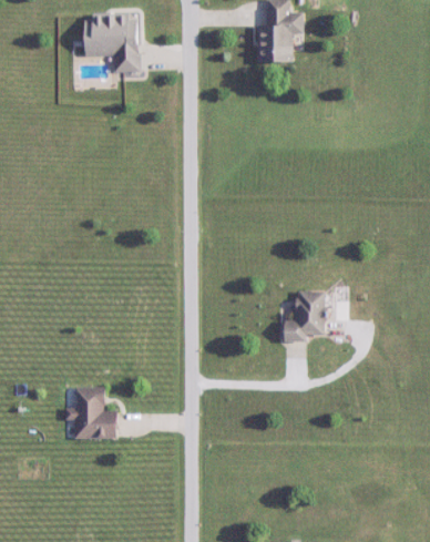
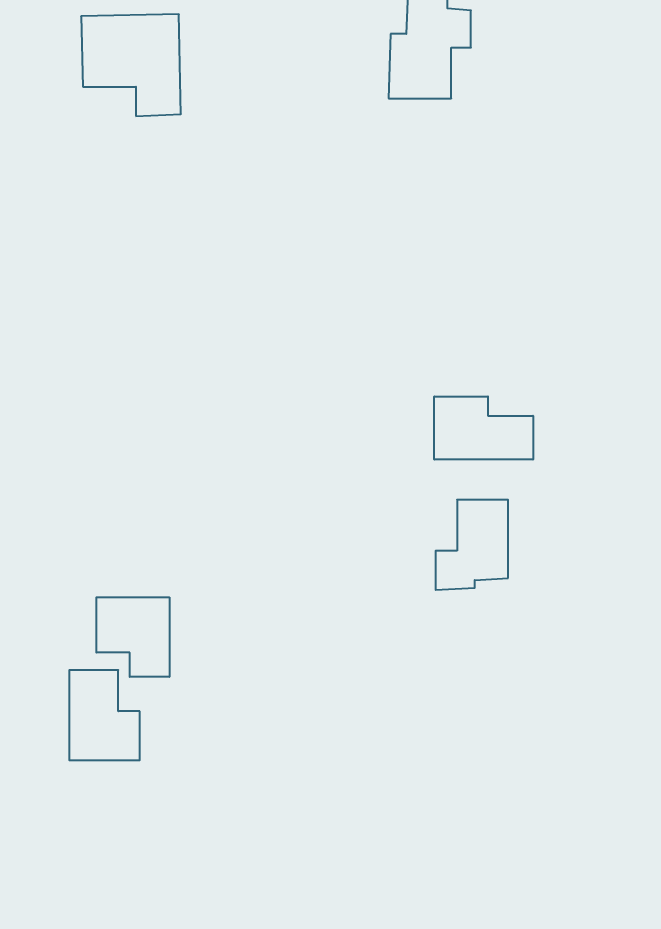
building: none -> [434,396,533,460]
building: none -> [96,597,169,677]

